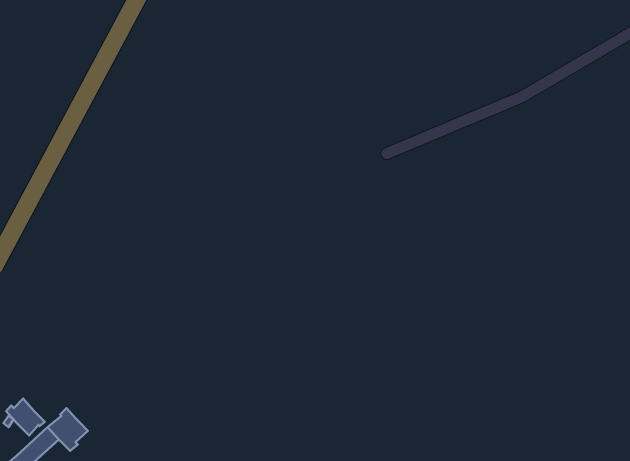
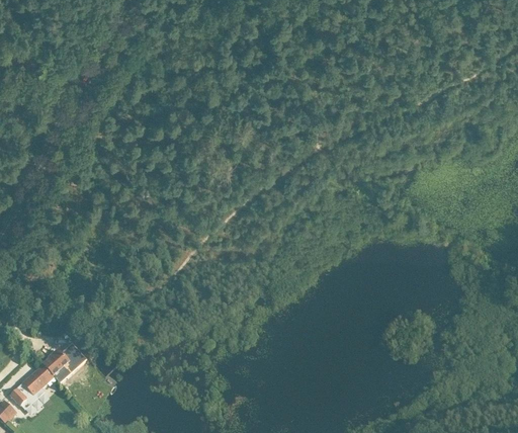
building: [6,399,45,436] -> none

